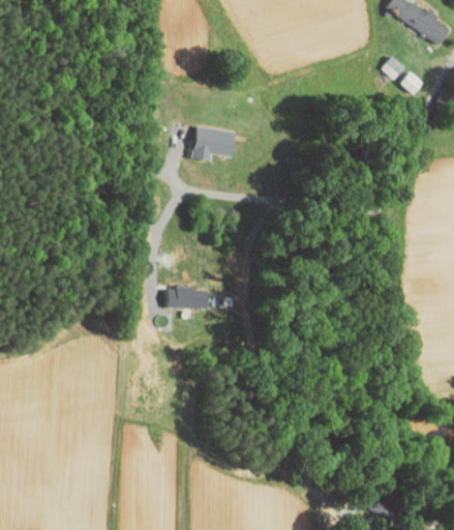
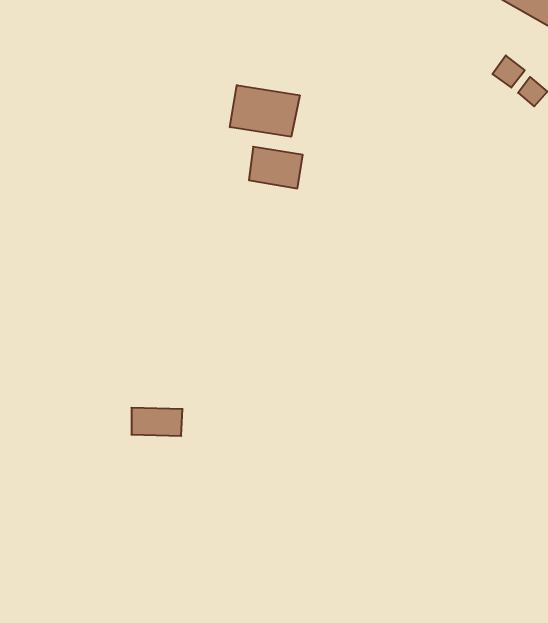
building: none -> [230,85,300,137]
building: [168,288,207,310] -> [131,408,183,436]

